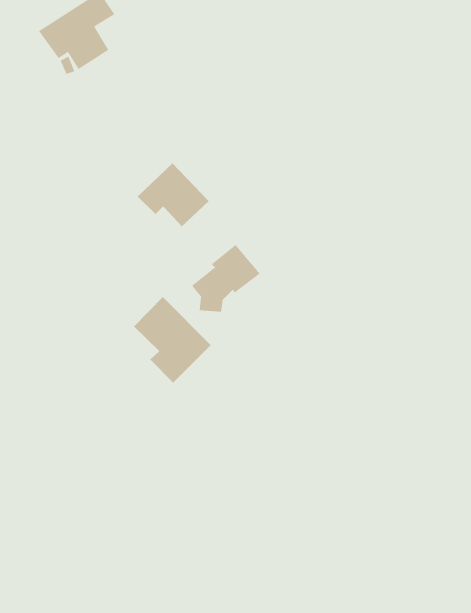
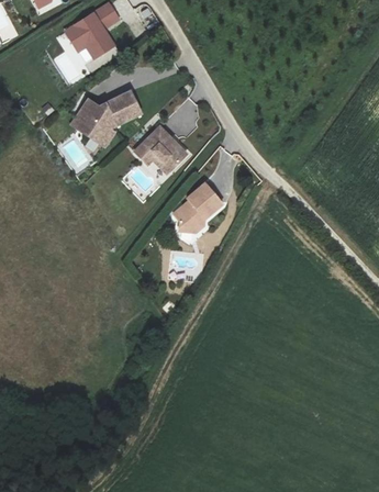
building: none -> [71,90,142,146]
building: [133,296,212,384] -> none

